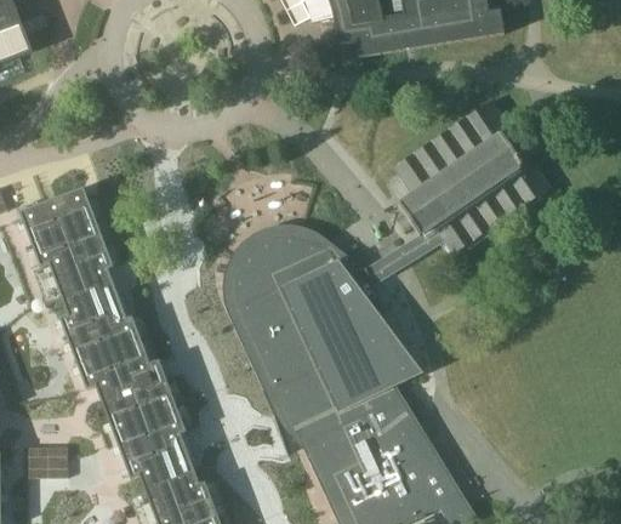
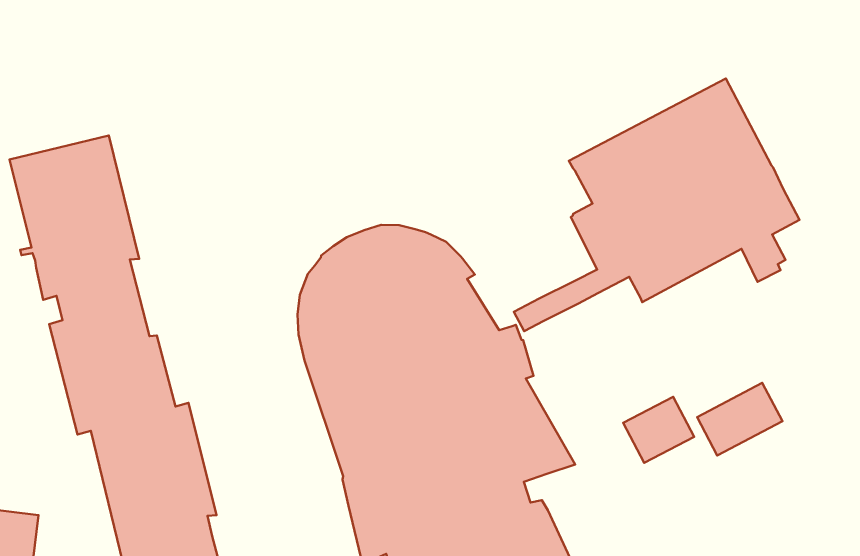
building: none -> [697,383,782,455]
building: none -> [623,397,694,463]

